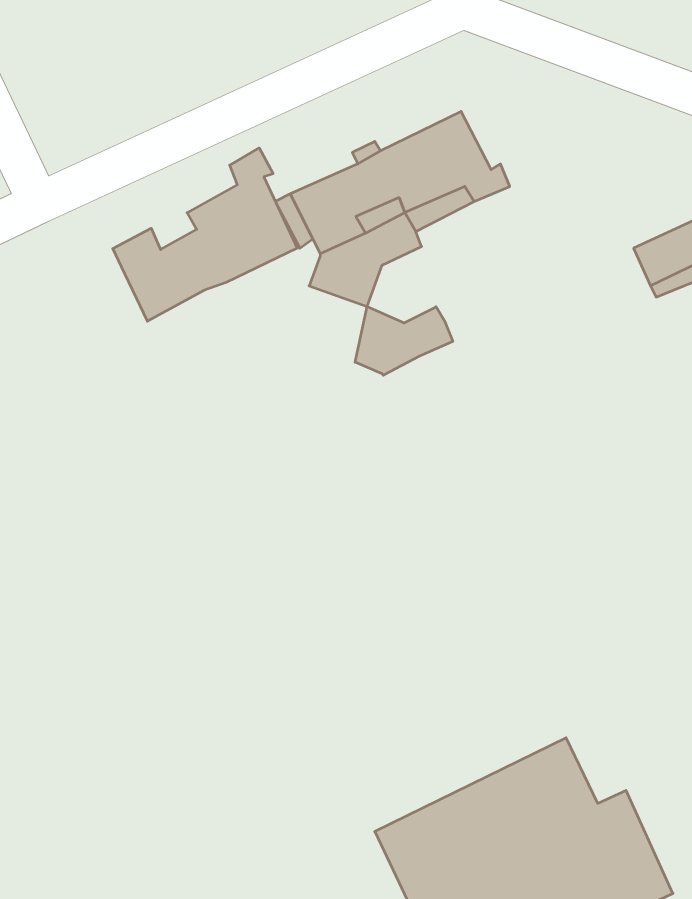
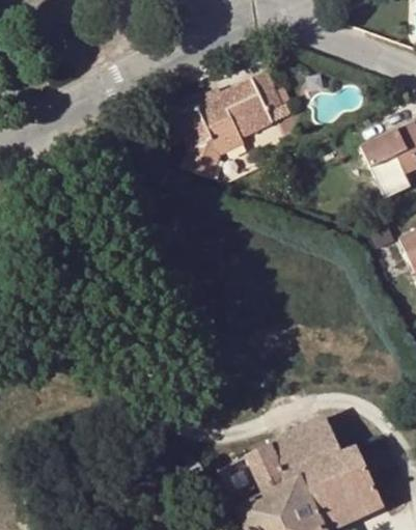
building: [113,148,297,321] -> none
building: [355,306,453,375] -> none

